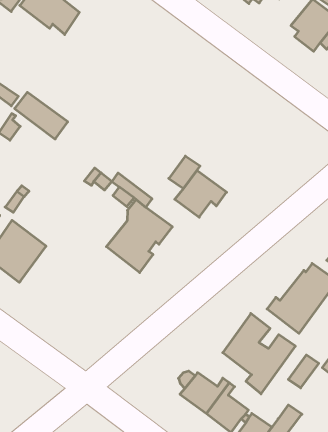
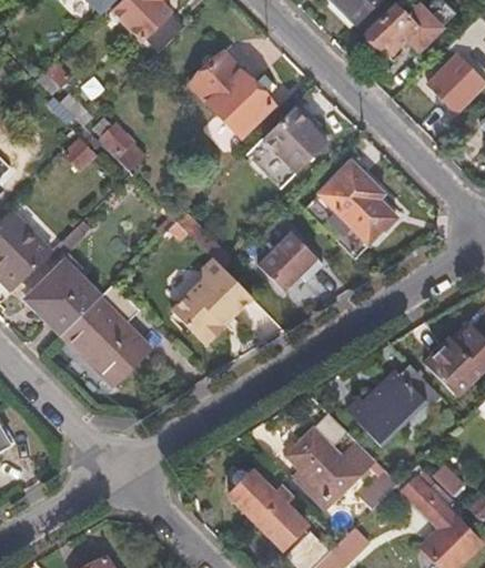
building: none -> [189,53,273,136]
building: none -> [246,106,326,185]
building: none -> [306,164,394,258]
building: none -> [63,284,150,385]

